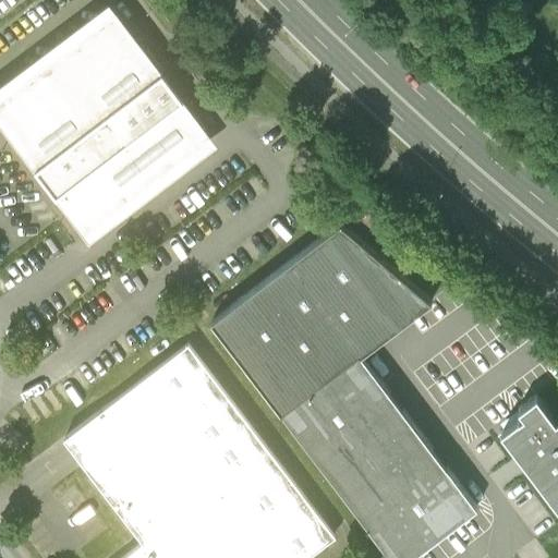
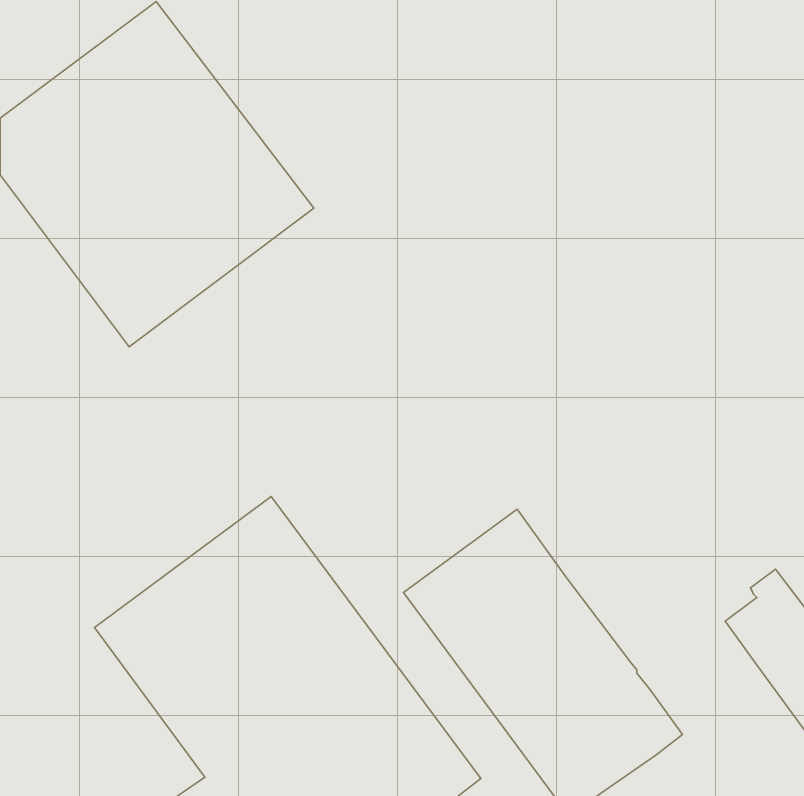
building: [210,227,428,416] -> none

